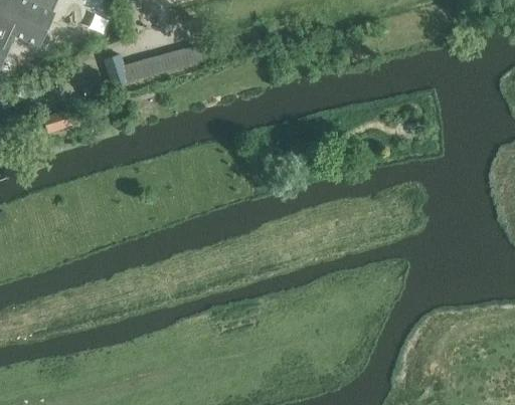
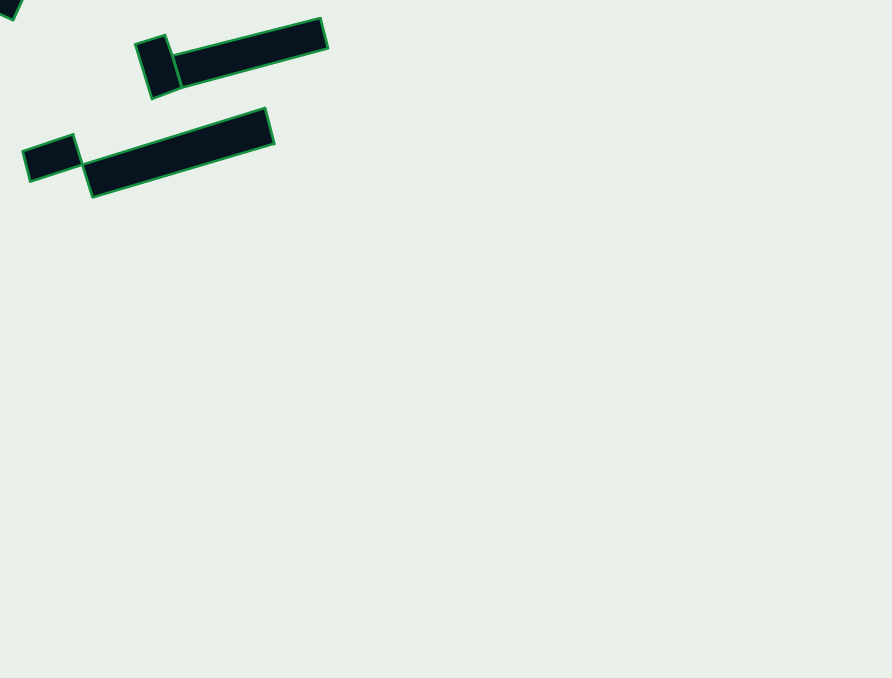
building: none -> [83,108,274,197]

